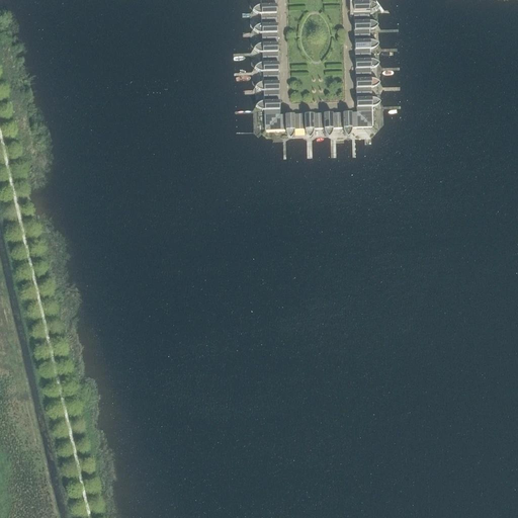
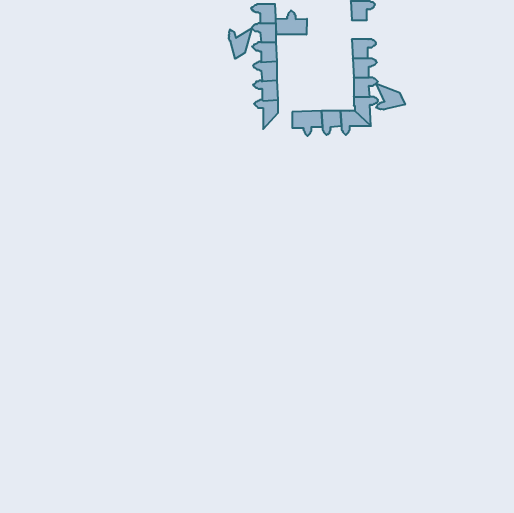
building: none -> [276,10,307,35]
building: [354,20,378,39] -> none
building: none -> [229,28,252,59]
building: none -> [376,84,405,110]
building: [265,112,294,138] -> none

